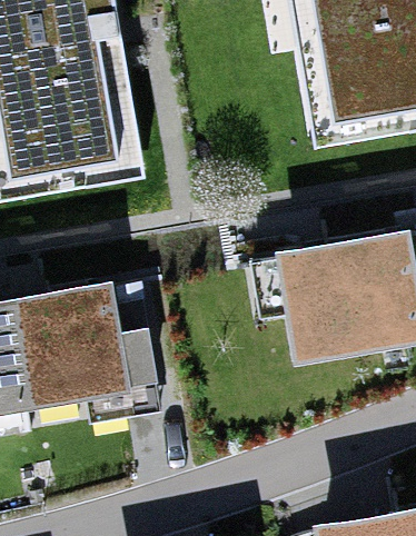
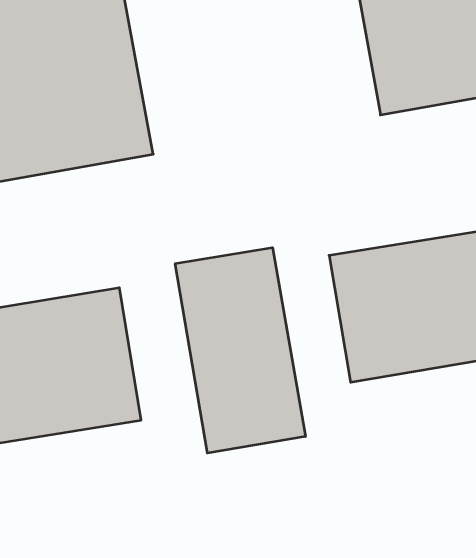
building: none -> [175,248,305,453]

